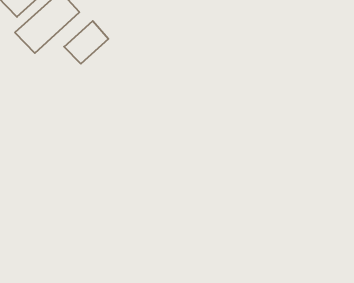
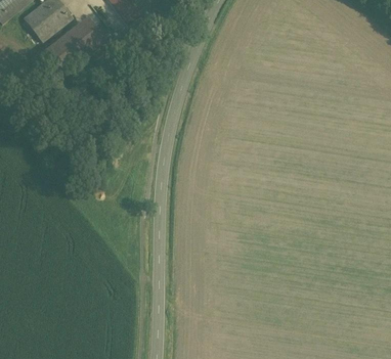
building: [64,21,108,64] -> none

